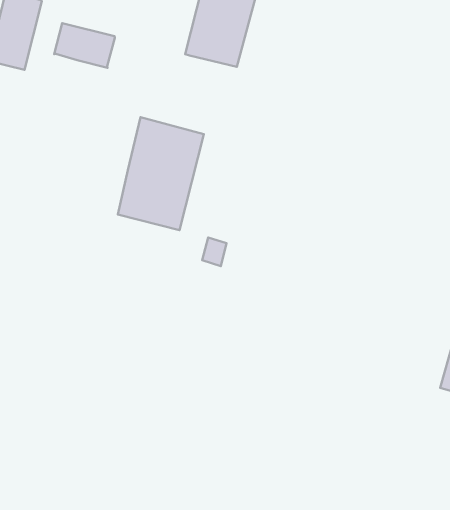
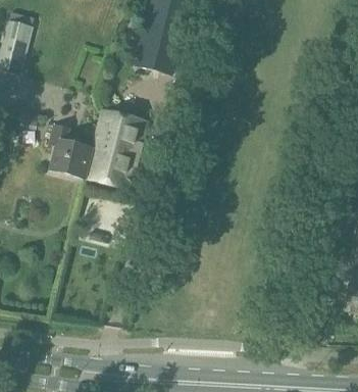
building: [54,23,115,68] -> none
building: none -> [50,124,93,178]

